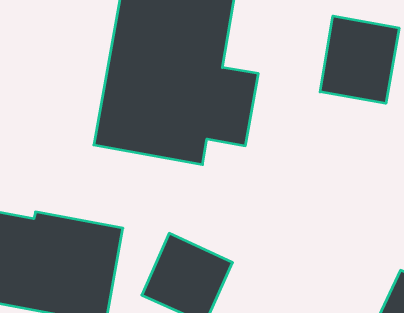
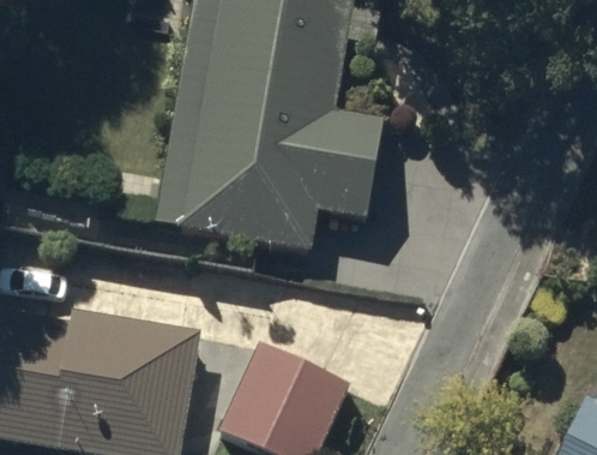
building: [320,16,399,103] -> none

